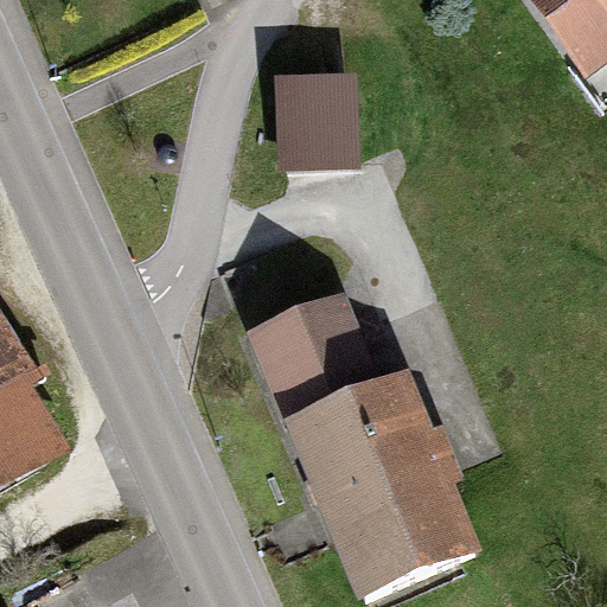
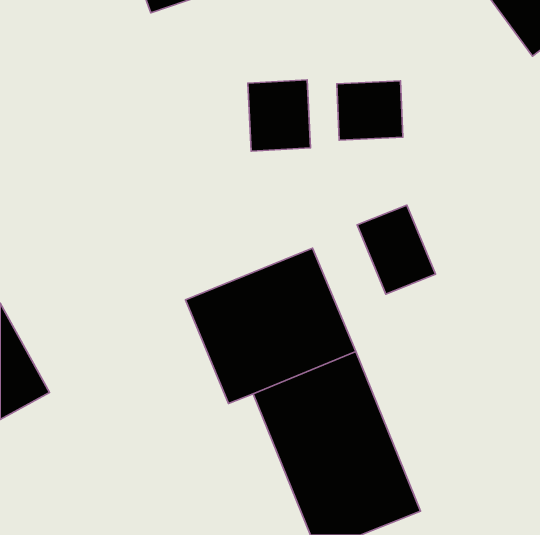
building: none -> [337,81,403,140]
building: none -> [357,205,435,294]

